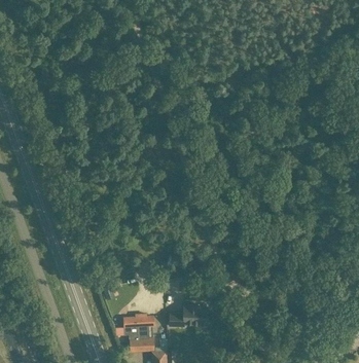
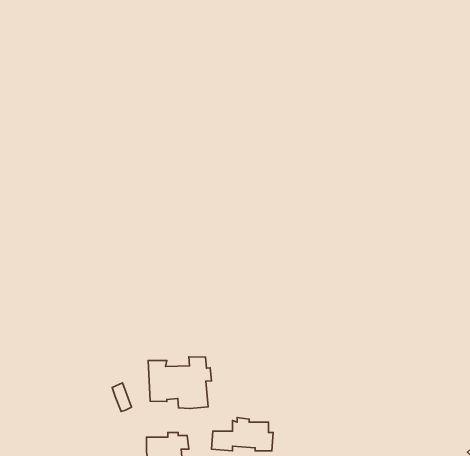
building: none -> [148,357,211,409]

